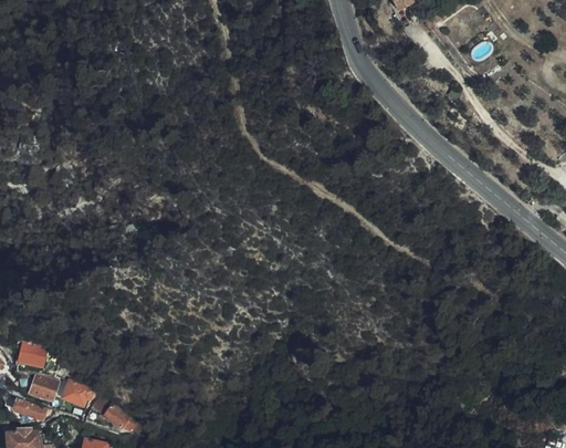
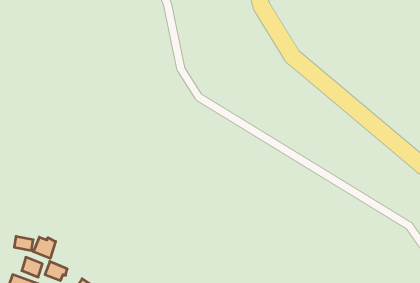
building: none -> [33,237,56,258]

